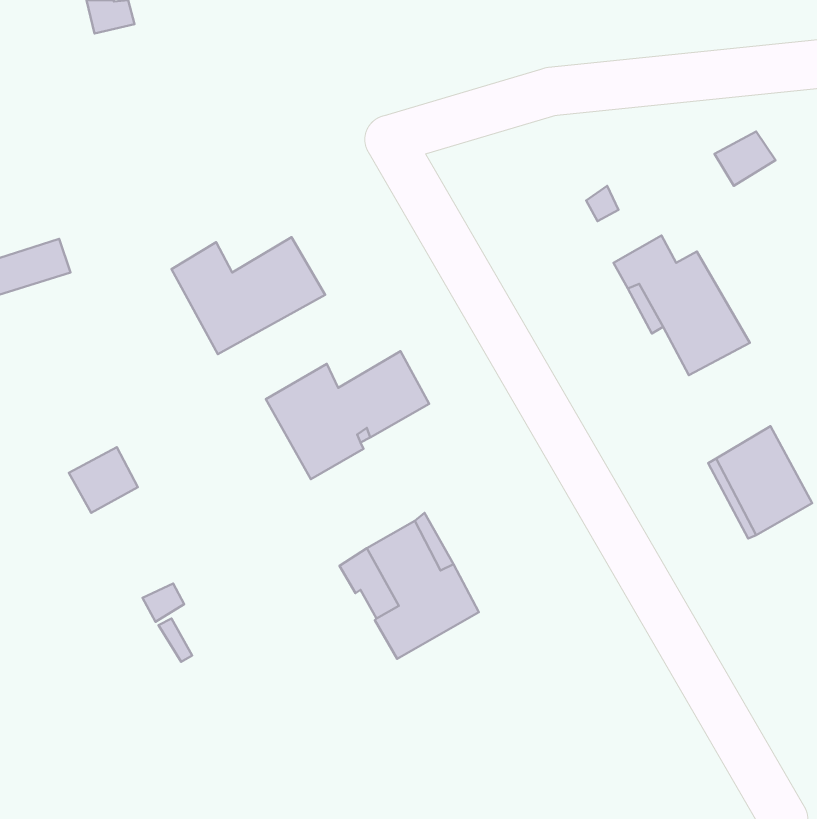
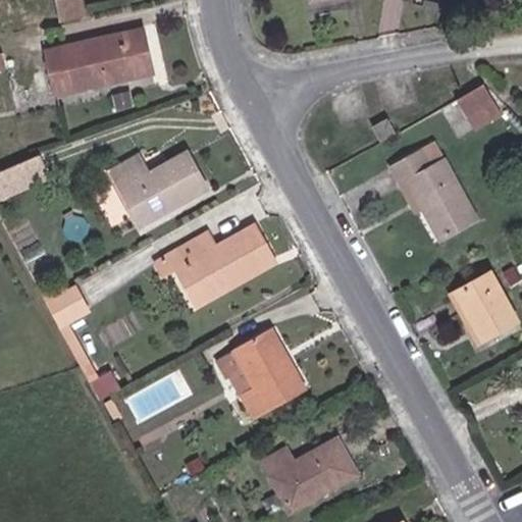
building: none -> [46,30,152,95]
building: none -> [262,436,358,512]

